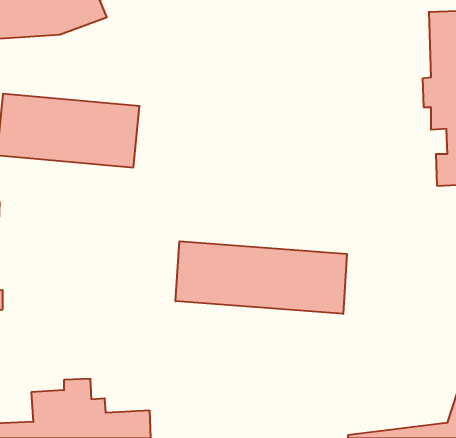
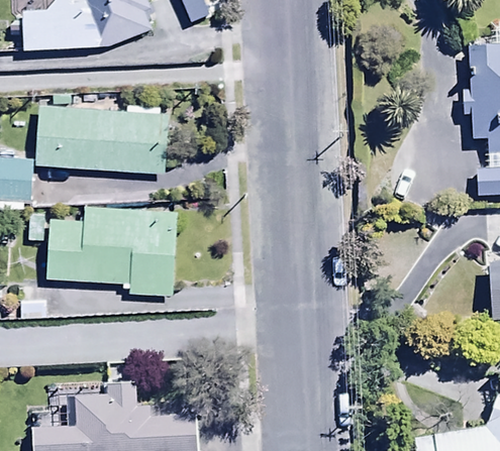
building: none -> [54,201,192,301]
building: [176,241,347,314] -> none

